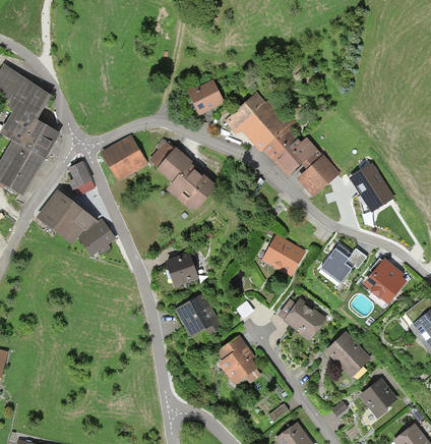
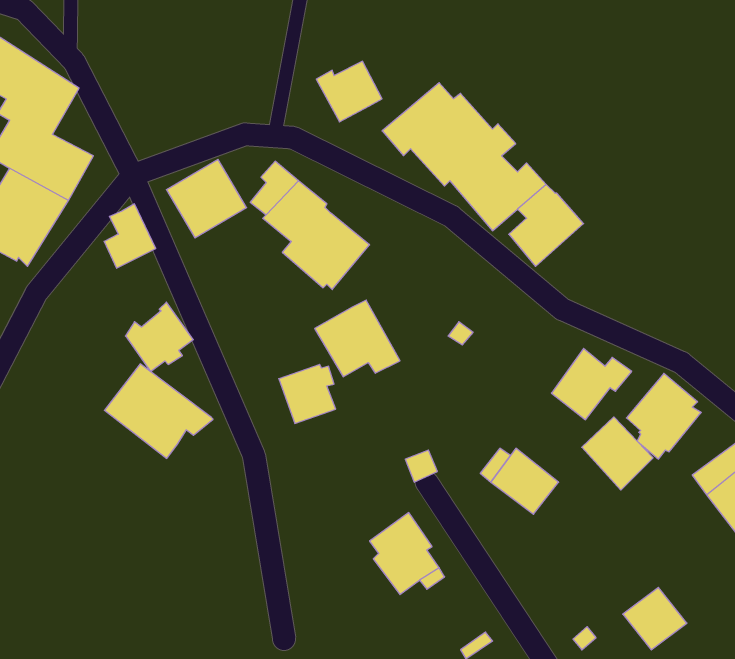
building: [346,161,396,215] -> none
building: [36,190,98,244] -> [104,364,213,458]
building: [263,237,303,274] -> none
building: [174,293,223,337] -> [315,300,400,377]
building: [327,334,368,376] -> [582,417,653,490]

